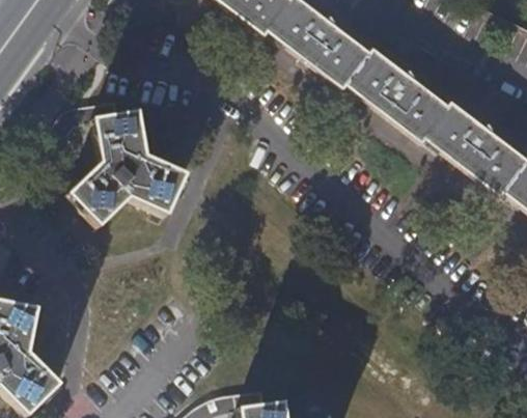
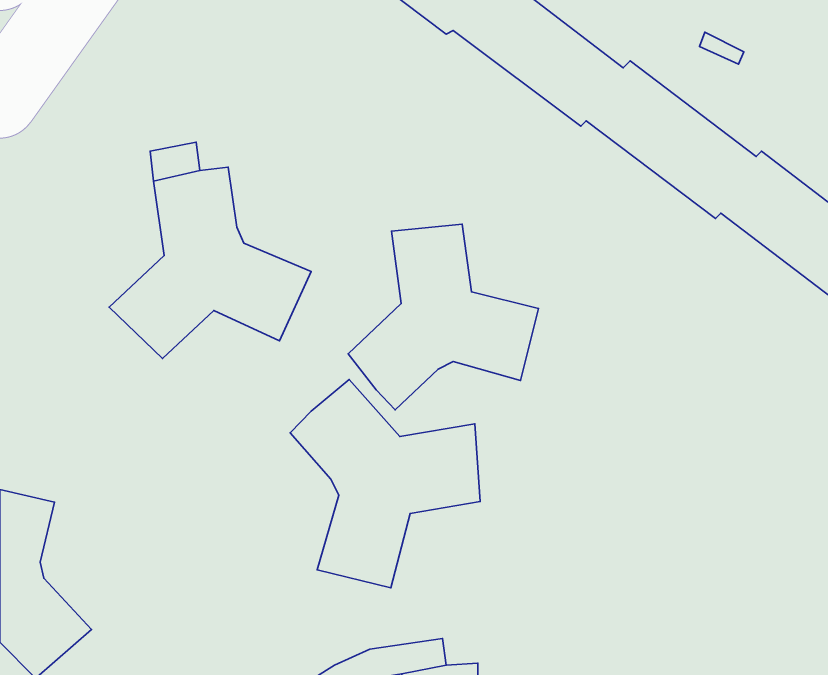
building: none -> [348,224,539,410]
building: none -> [290,380,480,588]

